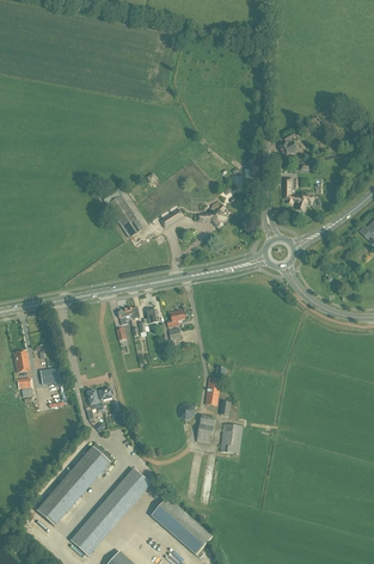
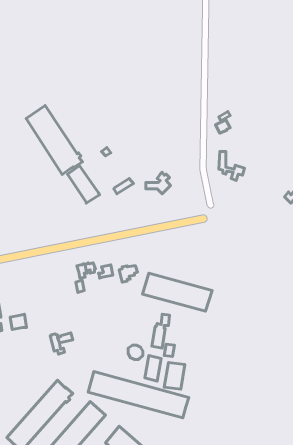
building: none -> [26,106,82,175]
building: none -> [142,273,212,311]
building: none -> [88,372,189,418]

